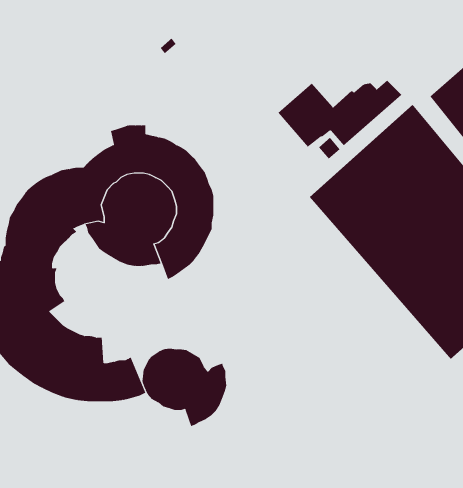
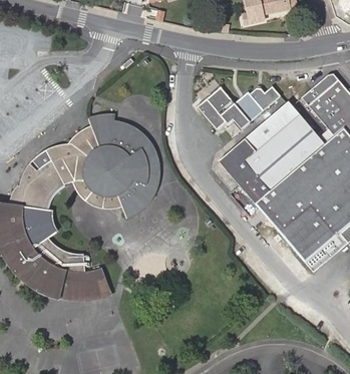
building: [142,348,227,427] -> none

